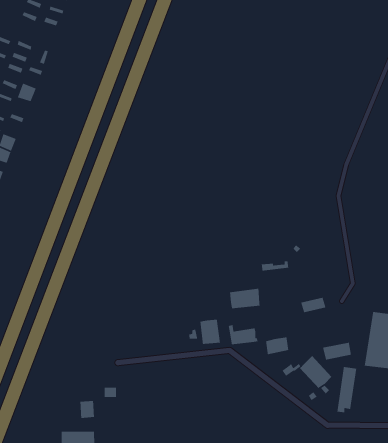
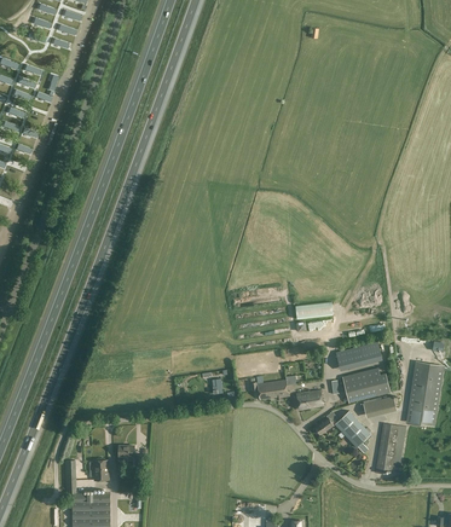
building: [229,288,261,309] -> none
building: none -> [342,367,389,403]
building: [200,319,221,345] -> none

